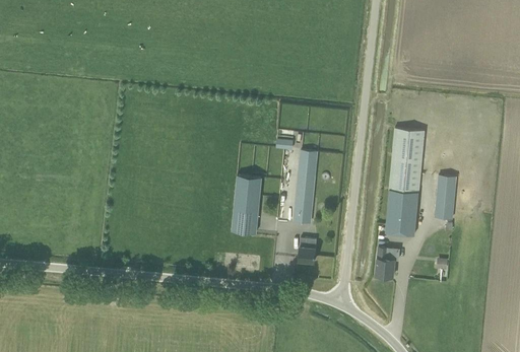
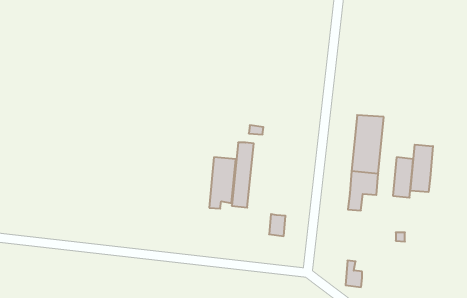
building: [292,151,317,223] -> [232,143,254,208]
building: none -> [410,145,433,192]
building: [376,249,394,278] -> [346,261,362,287]

